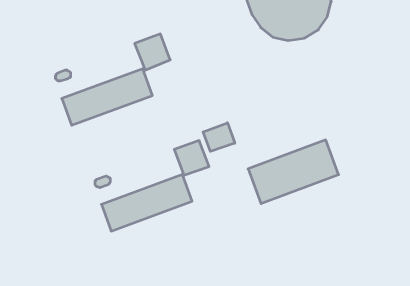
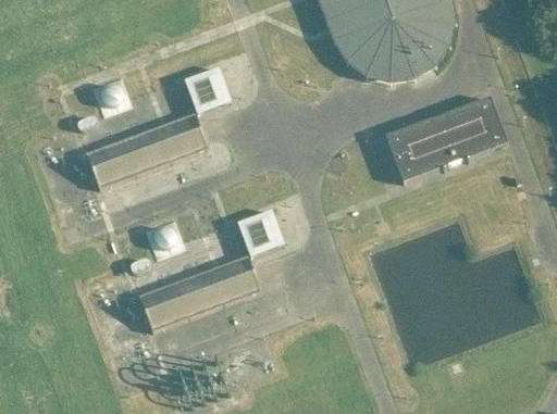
building: [203,123,235,151] -> none
building: [248,140,339,204] -> [386,97,508,183]

